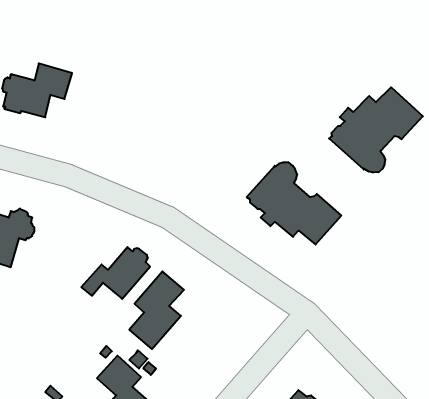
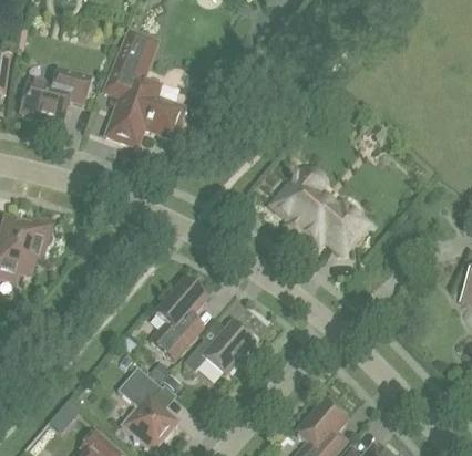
building: none -> [104,30,184,145]
building: [329,87,423,173] -> none
building: [81,247,150,299] -> [183,321,254,374]

